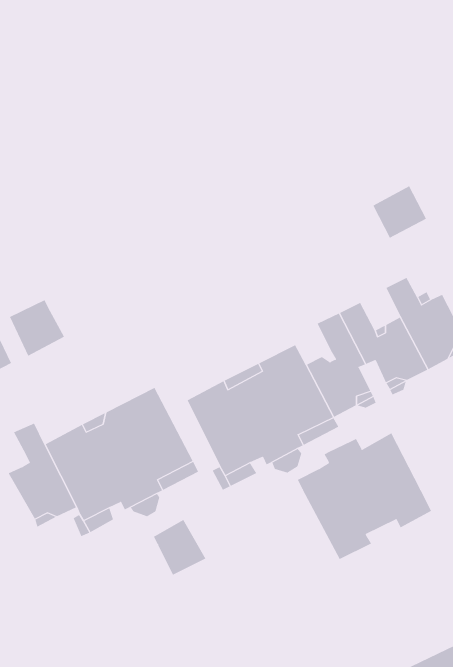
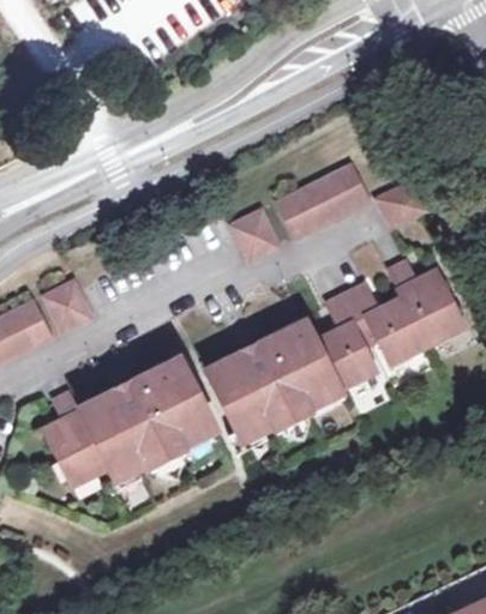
building: none -> [274,162,370,236]
building: none -> [228,207,278,260]
building: [297,432,432,560] -> none
building: [153,519,206,576] -> none

